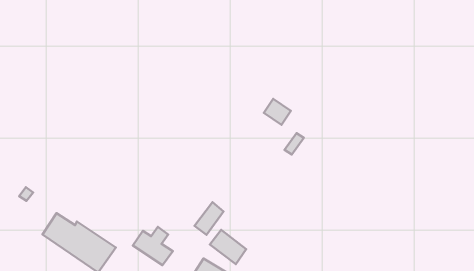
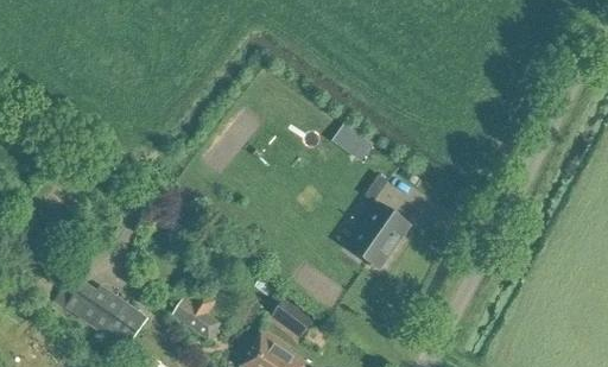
building: none -> [349,204,410,270]
building: [195,202,224,235] -> none

